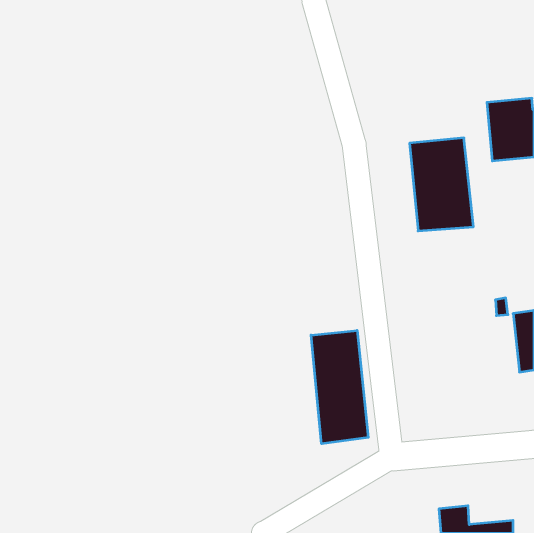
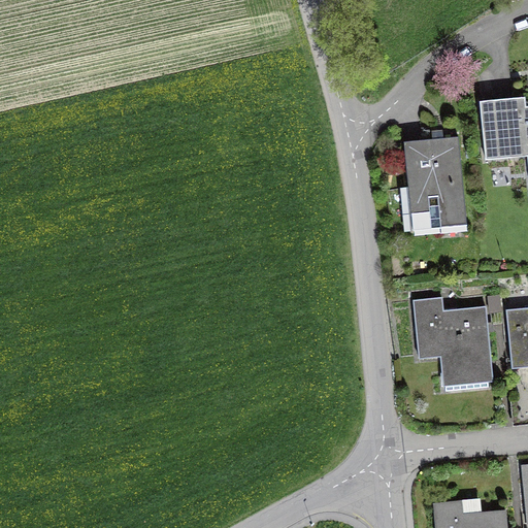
building: none -> [414,297,493,390]
building: [311,330,368,444] -> none

